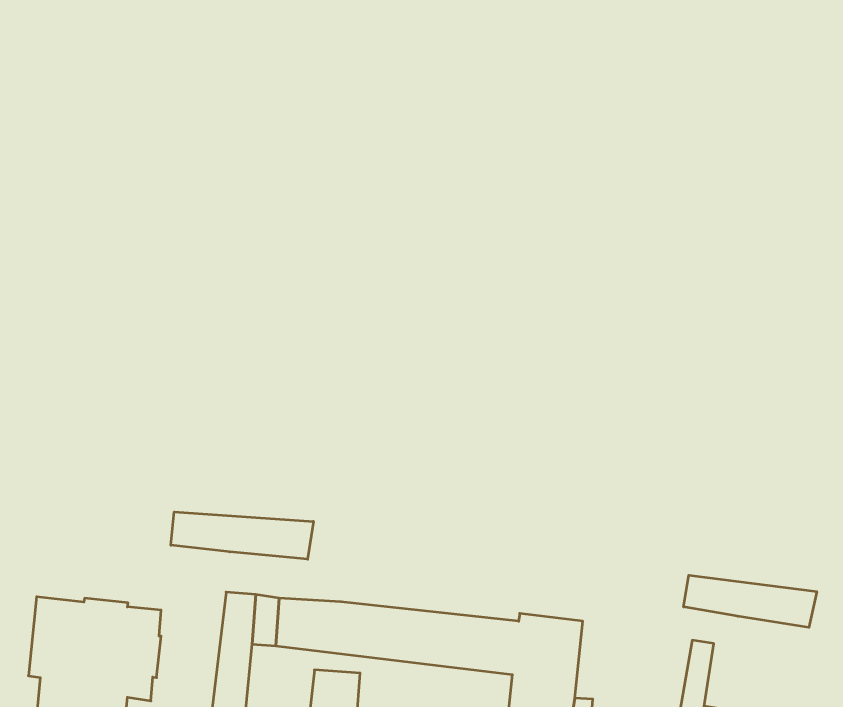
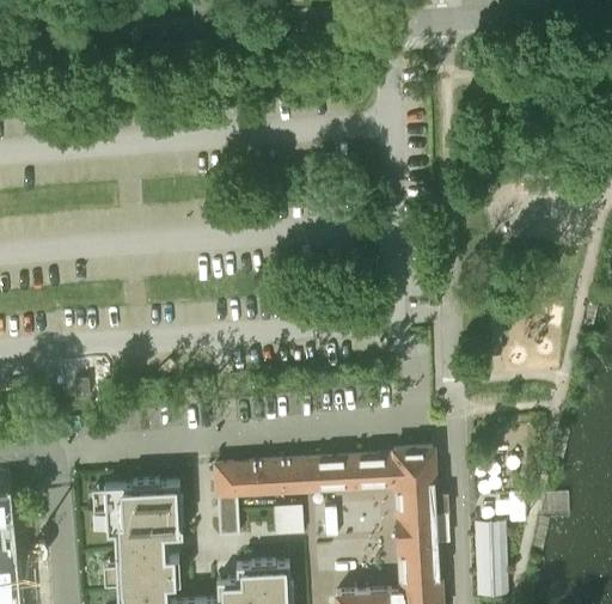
building: [171,512,313,559] -> none
building: [684,575,817,627] -> none

